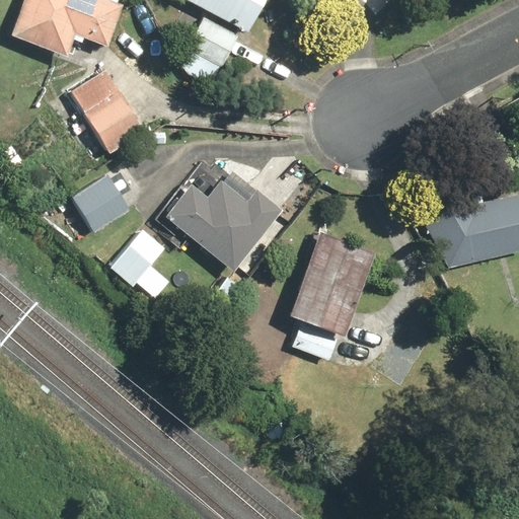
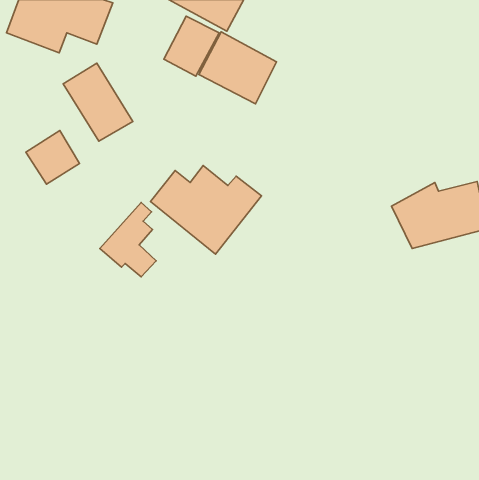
building: none -> [199,32,277,104]
building: [71,173,129,231] -> [26,131,80,184]
building: [286,229,375,361] -> none

